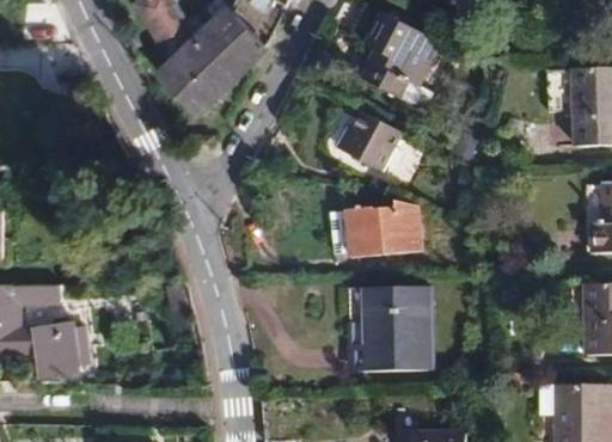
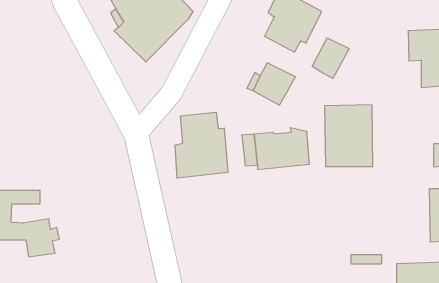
building: none -> [312,38,349,78]
building: none -> [175,112,228,178]
building: [367,288,433,372] -> [325,105,373,167]

